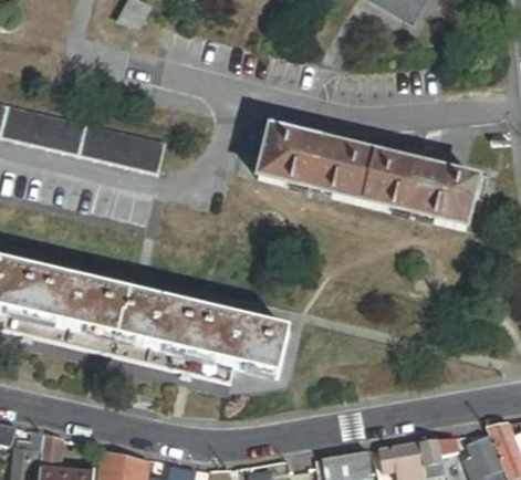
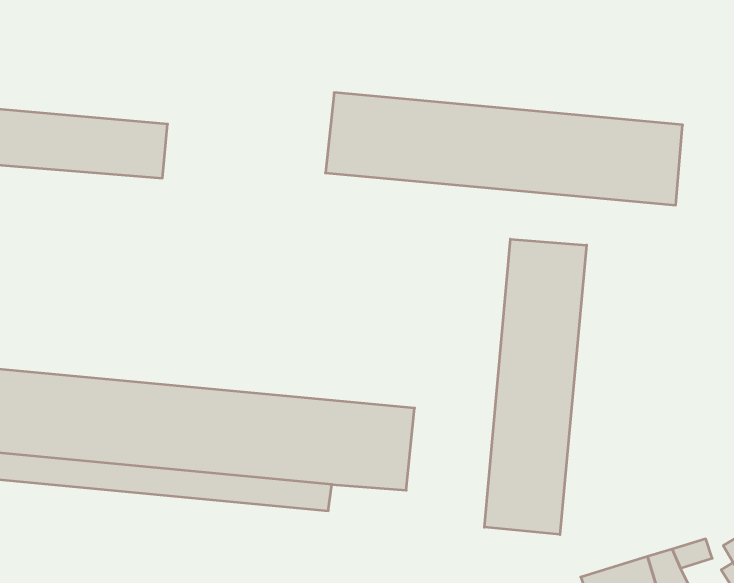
building: none -> [484,239,587,535]

